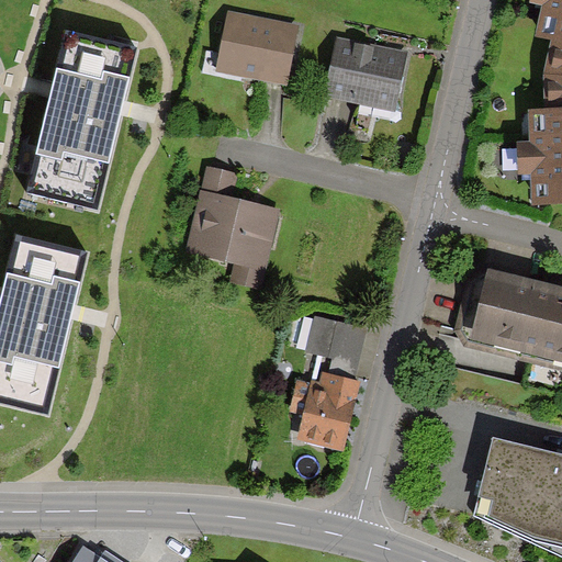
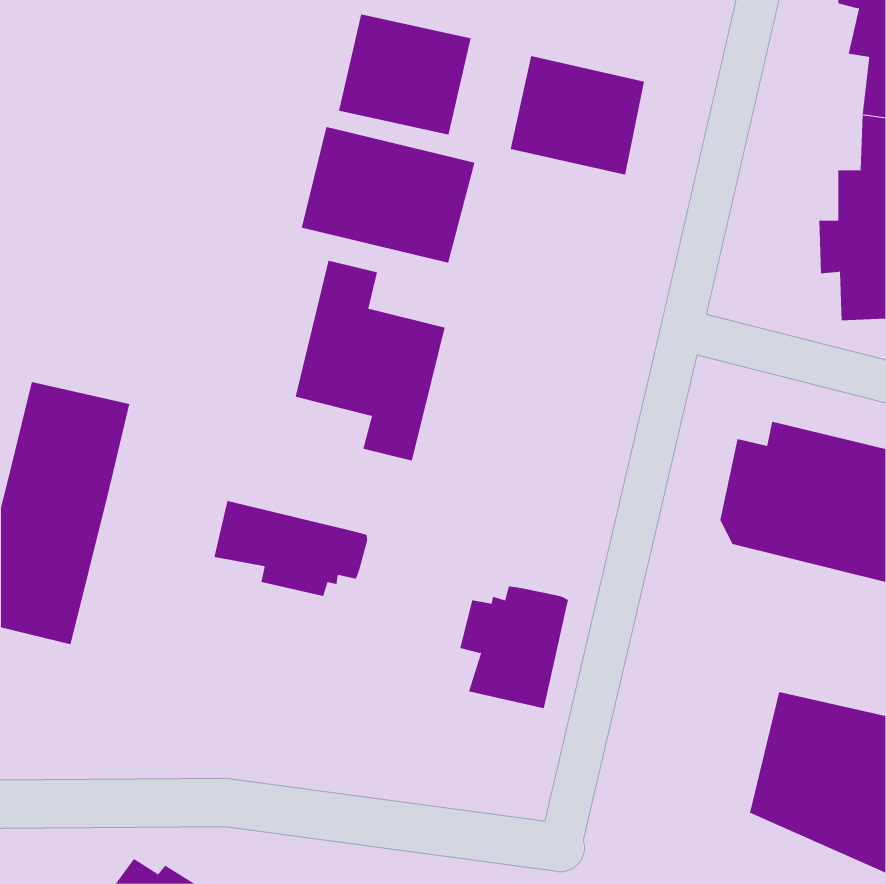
building: [33,37,131,205] -> none
building: none -> [301,126,475,263]
building: [297,315,368,378] -> none
building: none -> [214,500,368,597]

